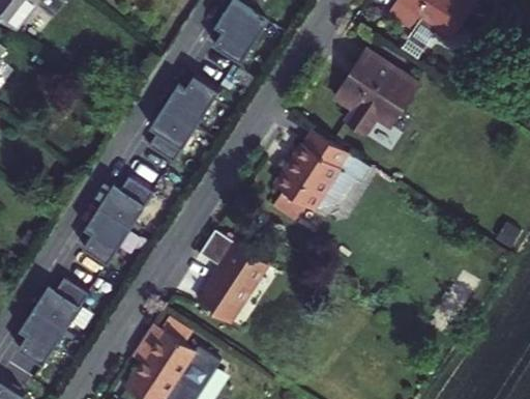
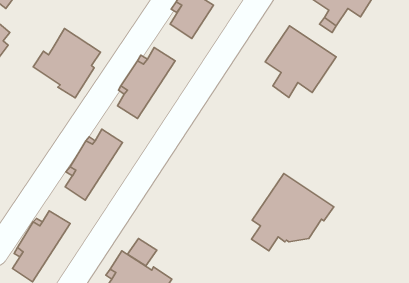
building: none -> [33,29,101,98]
building: [269,126,372,223] -> [251,174,334,251]
building: [197,227,272,325] -> none

